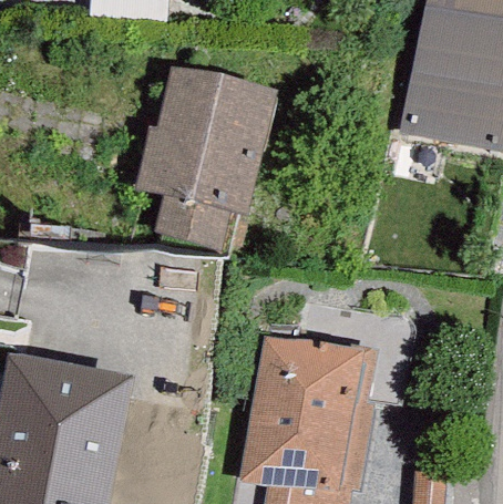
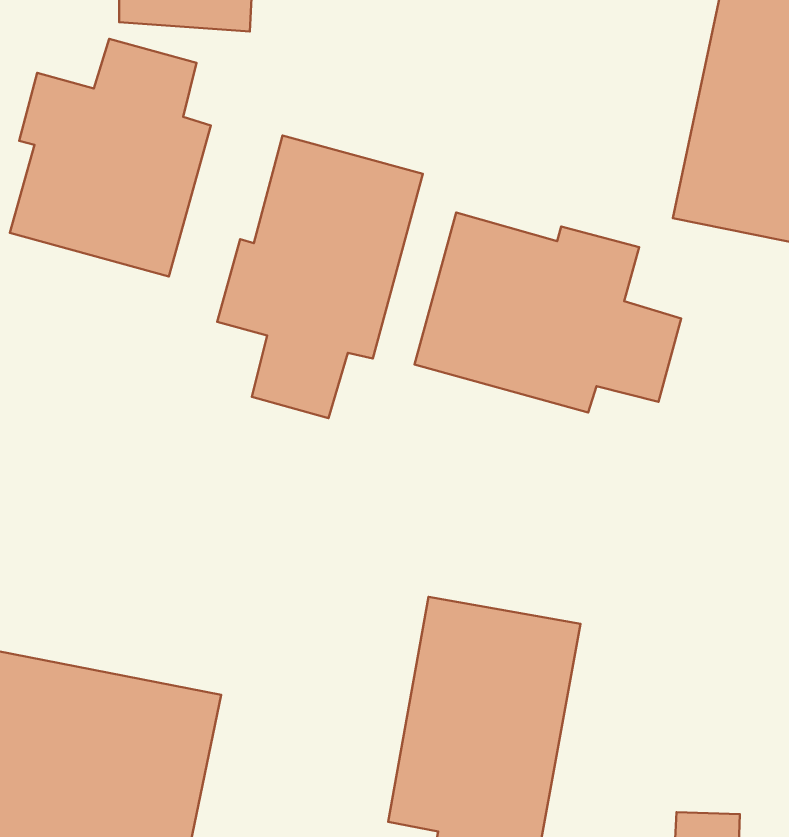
building: none -> [10,39,211,277]
building: none -> [415,213,681,413]

